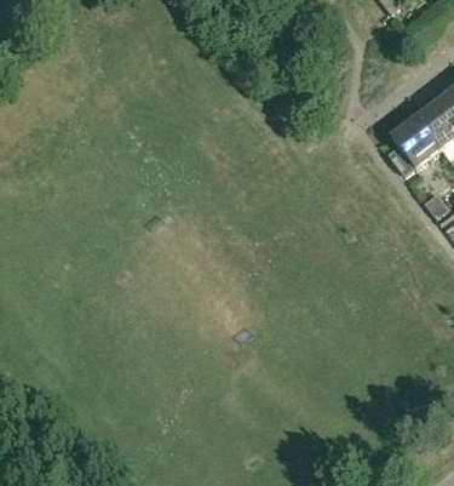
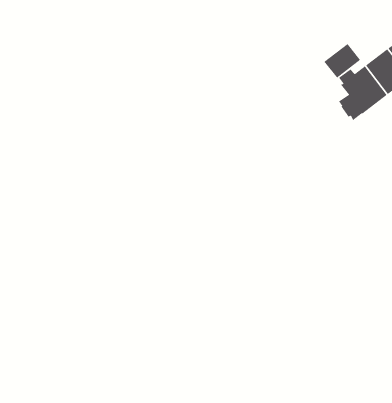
building: none -> [324,43,361,79]

